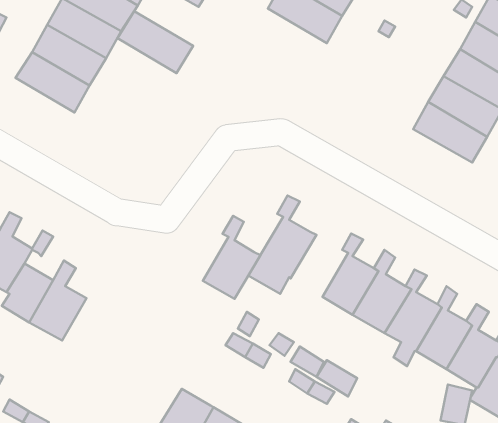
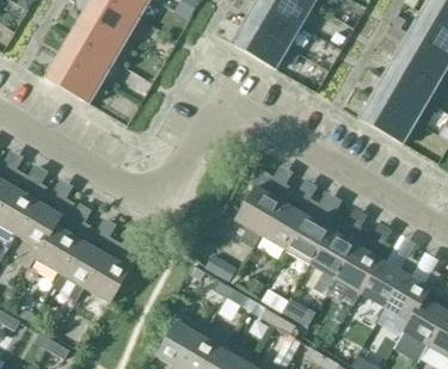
building: [118,11,193,73] -> [231,20,290,69]
building: [203,216,260,299] -> [262,183,307,248]
building: none -> [81,235,130,301]

